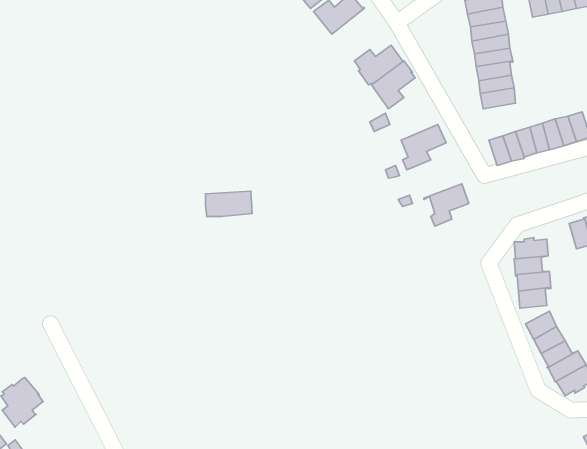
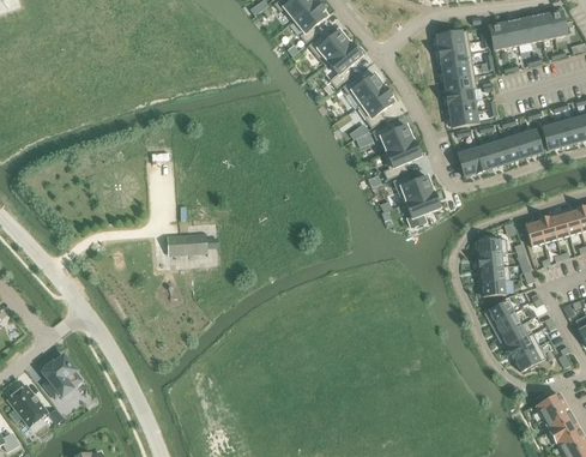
building: none -> [324,42,363,86]
building: none -> [373,124,413,154]
building: none -> [393,174,434,203]
building: [205,191,252,216] -> [168,233,207,254]

